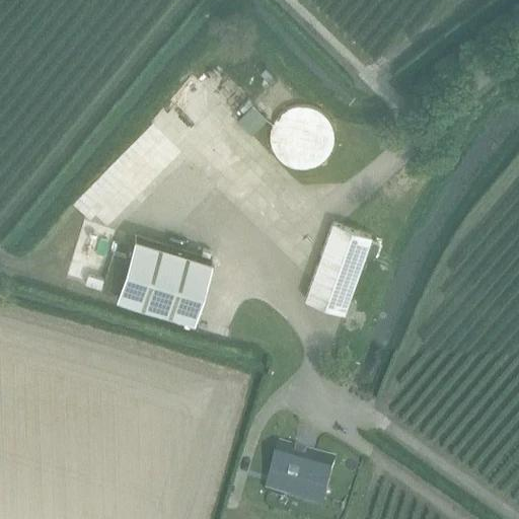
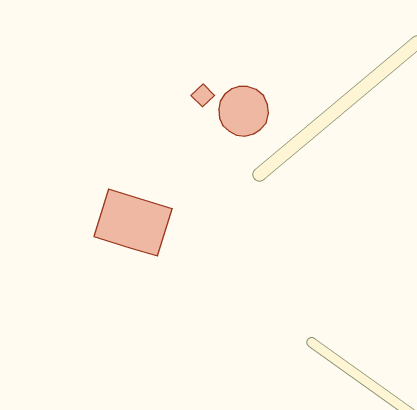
building: [305,228,370,317] -> none
building: [272,454,337,499] -> none

